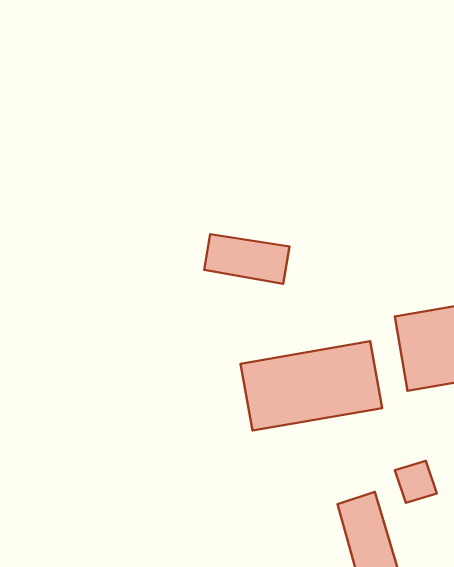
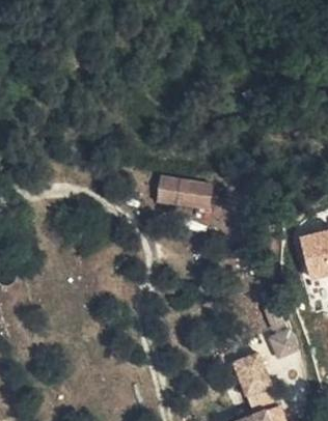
building: [241,341,382,431] -> none

